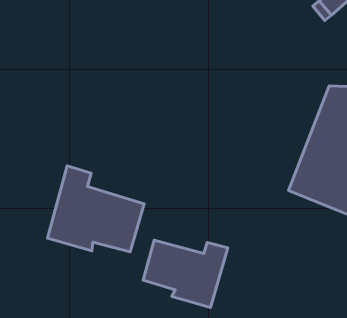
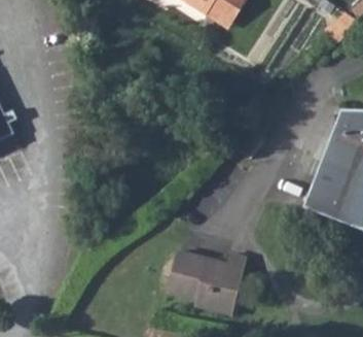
building: [47,166,144,252] -> none

